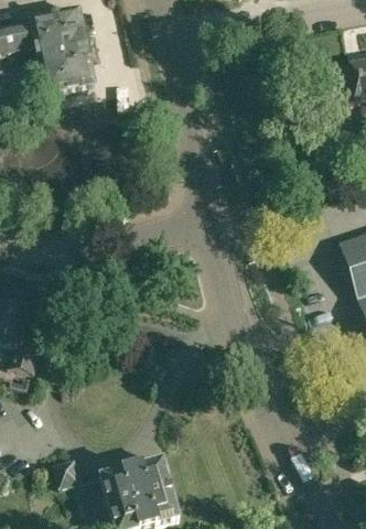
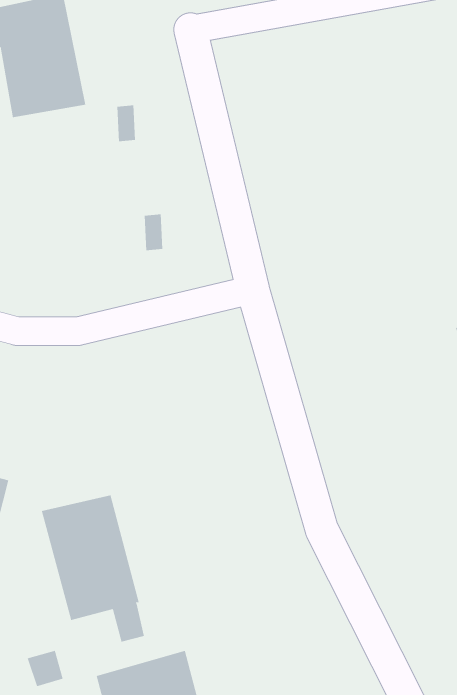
building: none -> [41,494,145,643]

